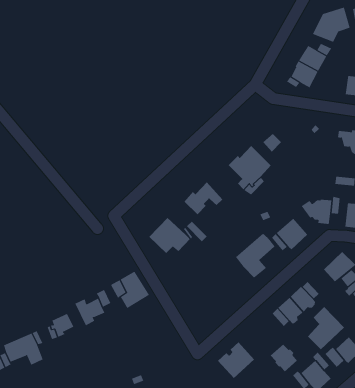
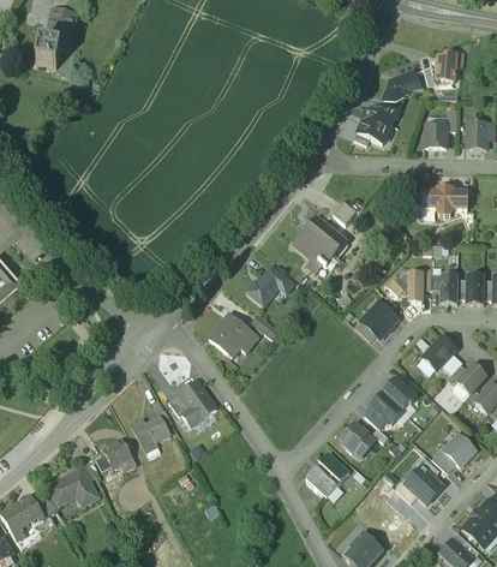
building: [235,233,276,279] -> none
building: [307,306,345,350] -> none
building: [270,344,298,372] -> [339,431,372,465]

